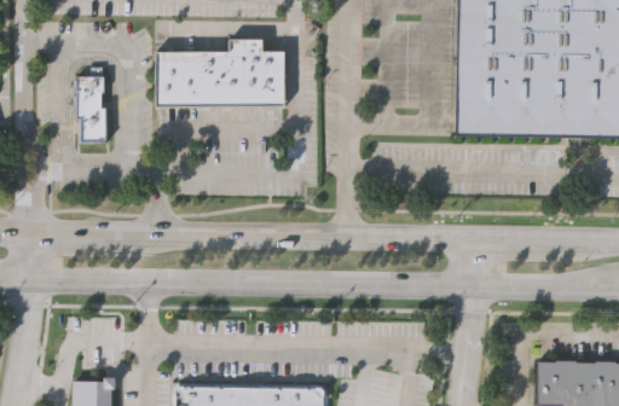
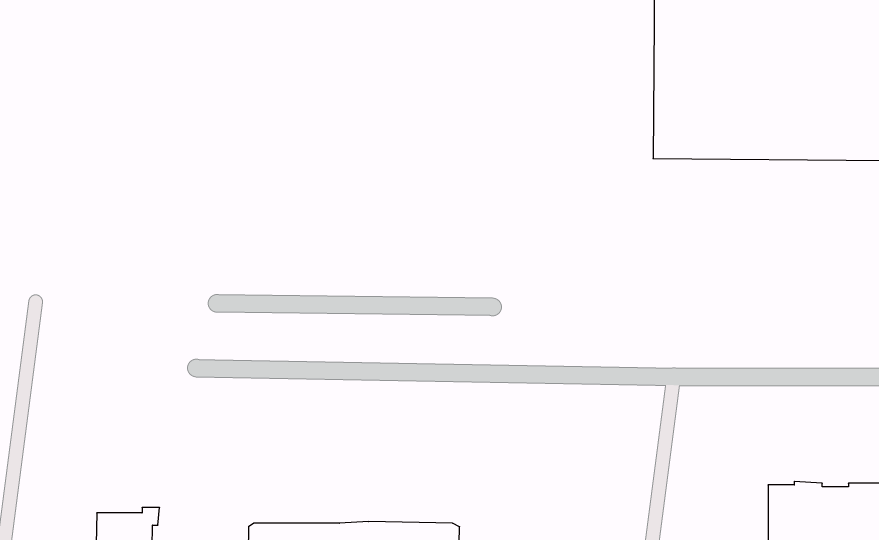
building: [152,37,282,105] -> none
building: [77,74,109,141] -> none

